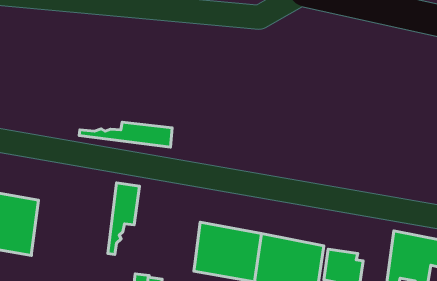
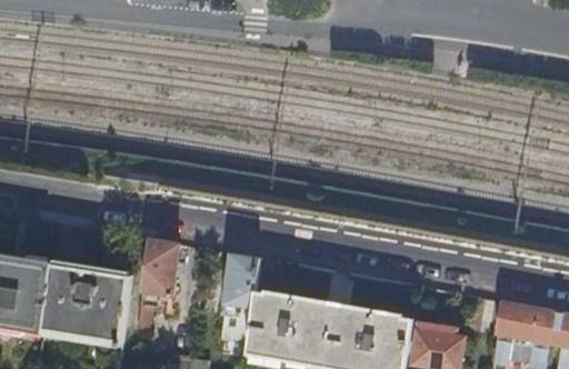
building: [79,122,172,147] -> none
building: none -> [222,253,261,343]
building: none -> [43,262,131,347]

